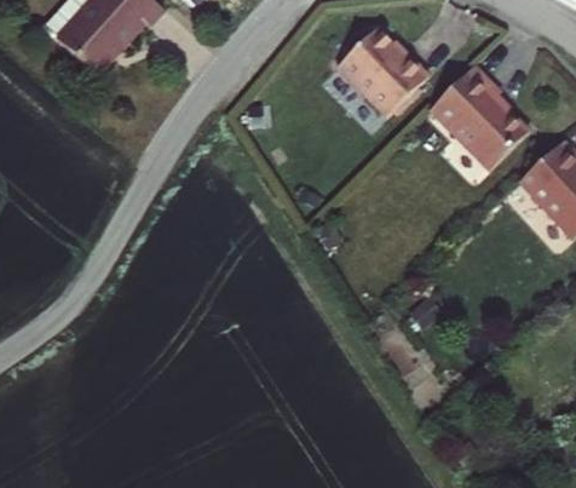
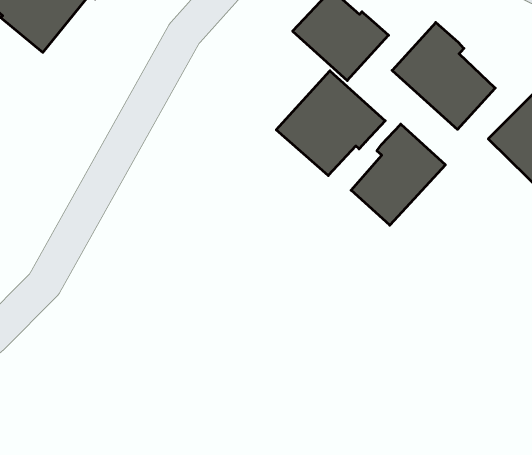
building: none -> [276,71,385,176]
building: none -> [351,124,445,225]

